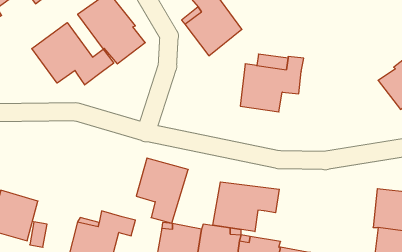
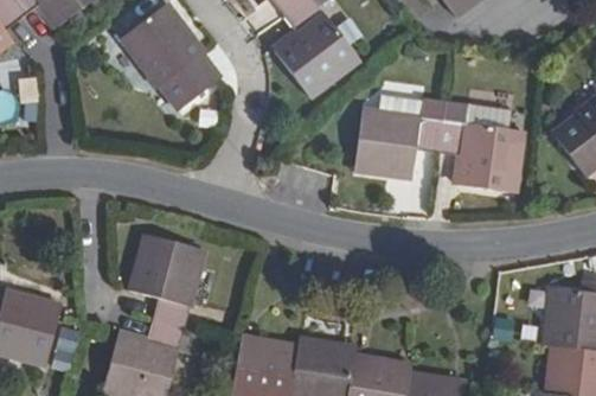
building: [32,23,114,85] -> none
building: none -> [437,119,521,190]
building: [136,158,188,223] -> [133,234,207,327]
building: [213,182,279,232] -> none

